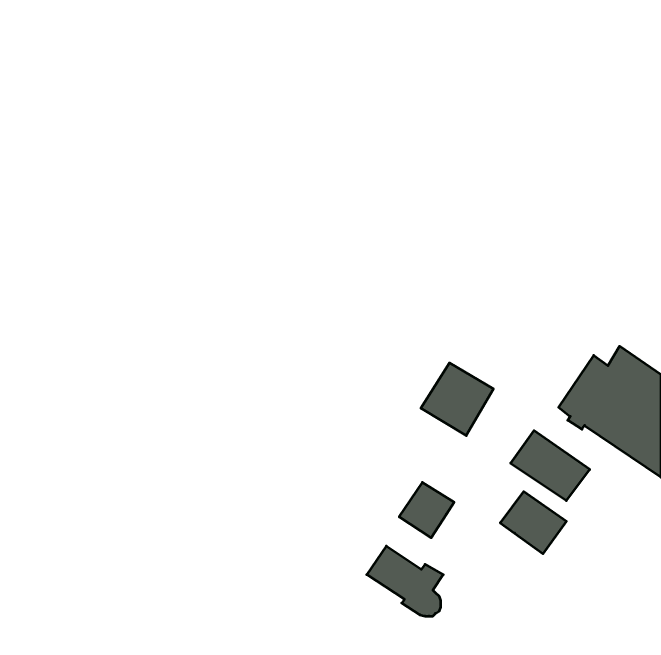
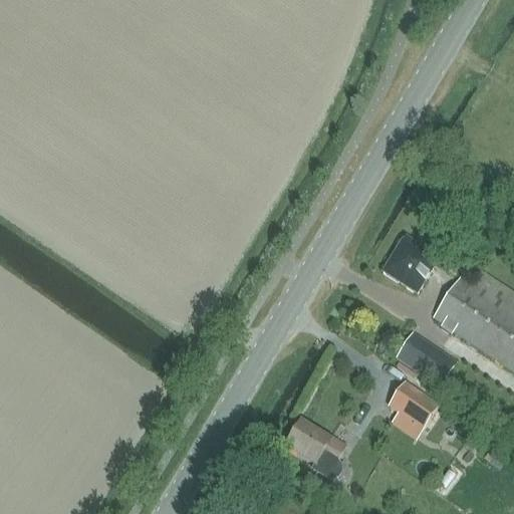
building: [421,363,493,436] -> [380,234,437,290]
building: [399,482,454,538] -> none

